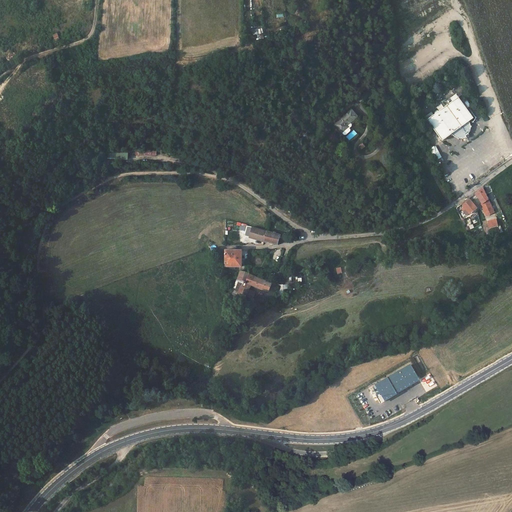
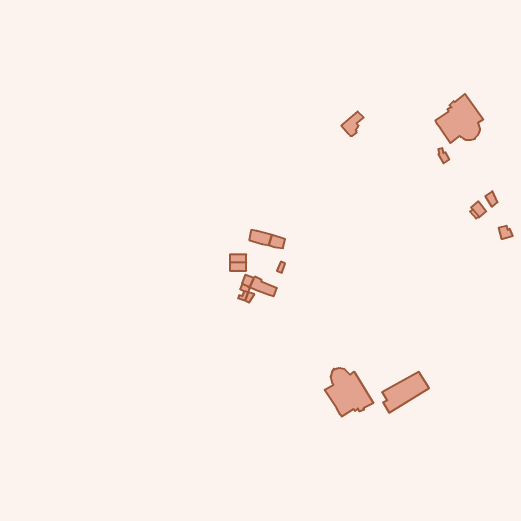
building: none -> [325,368,373,417]

